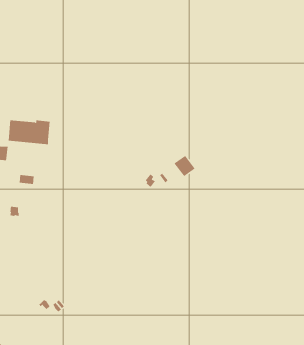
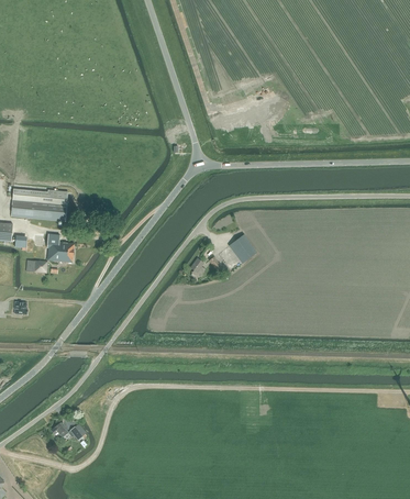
building: none -> [47,233,75,263]

